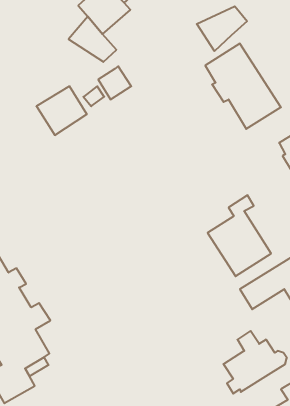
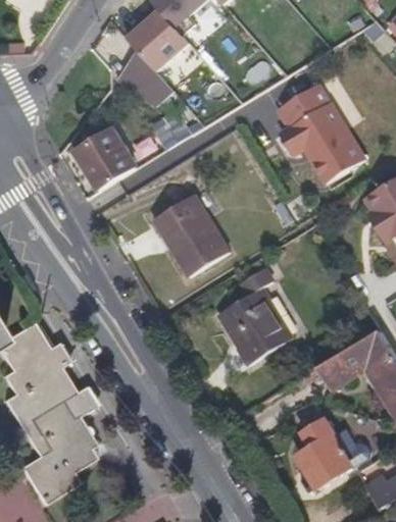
building: [197,6,247,51] -> none
building: none -> [154,191,228,271]
building: [208,195,271,276] -> [218,271,293,366]

